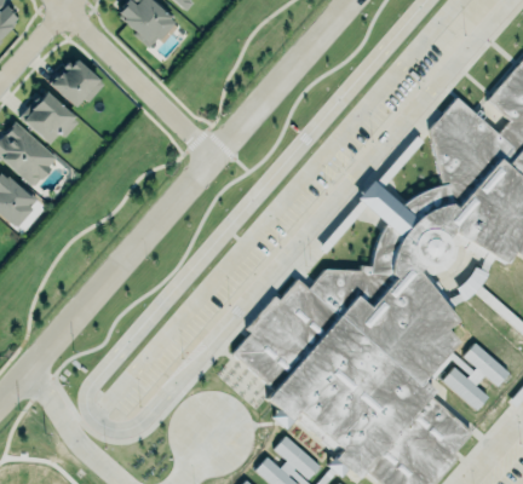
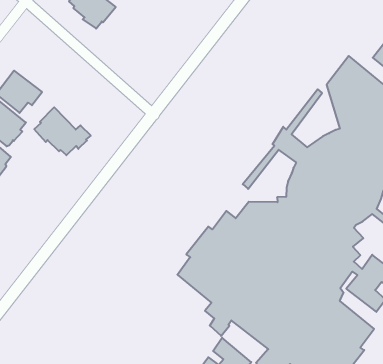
building: [51,59,105,106] -> none
building: none -> [34,107,91,155]

